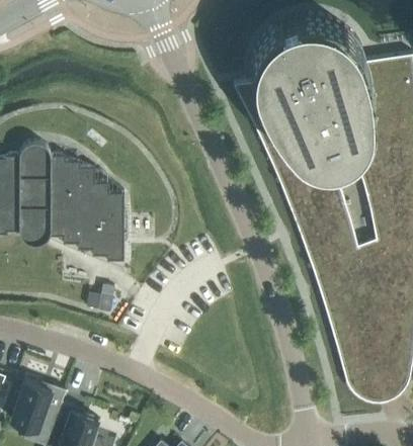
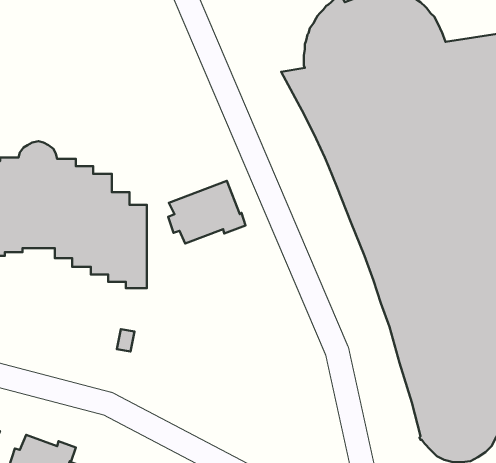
building: none -> [168,181,246,243]

